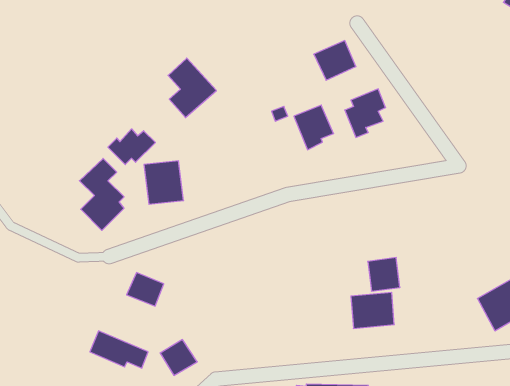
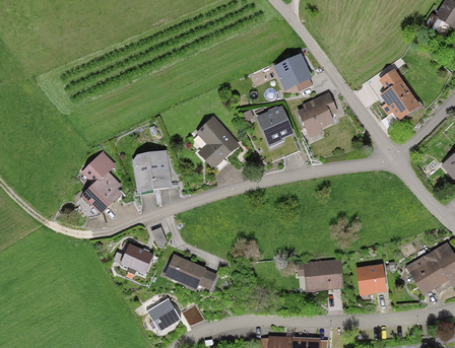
building: [168,58,216,118] -> [198,118,238,166]
building: none -> [381,71,418,119]
building: [108,129,155,165] -> none
building: [368,258,400,291] -> [359,266,385,293]
building: [90,331,148,368] -> [168,257,215,287]

